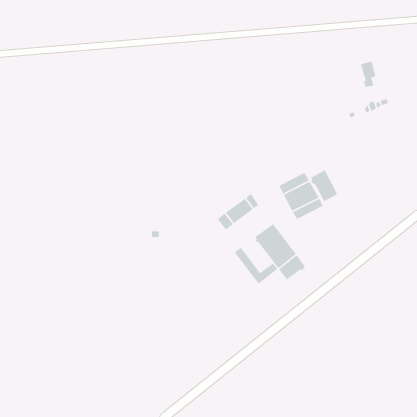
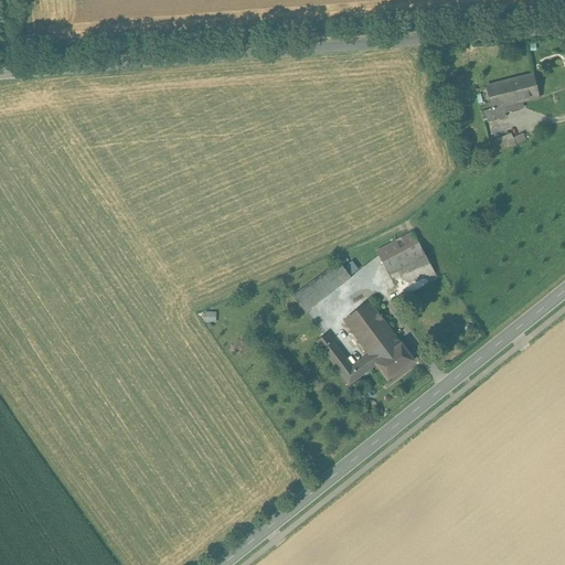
building: none -> [502,75,537,110]
building: [310,169,338,202] -> none

